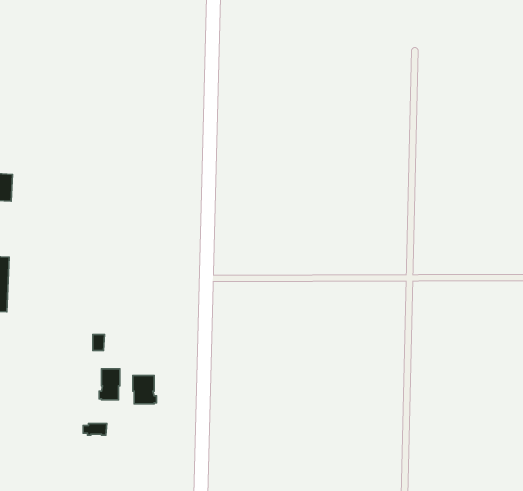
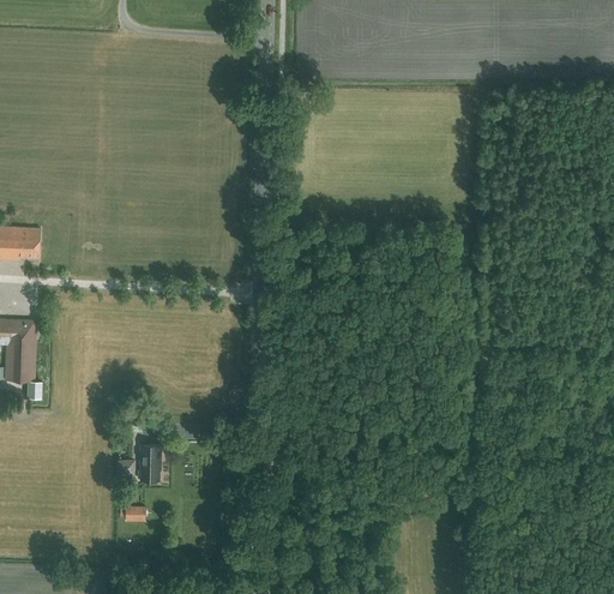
building: [133,376,157,404] -> none

